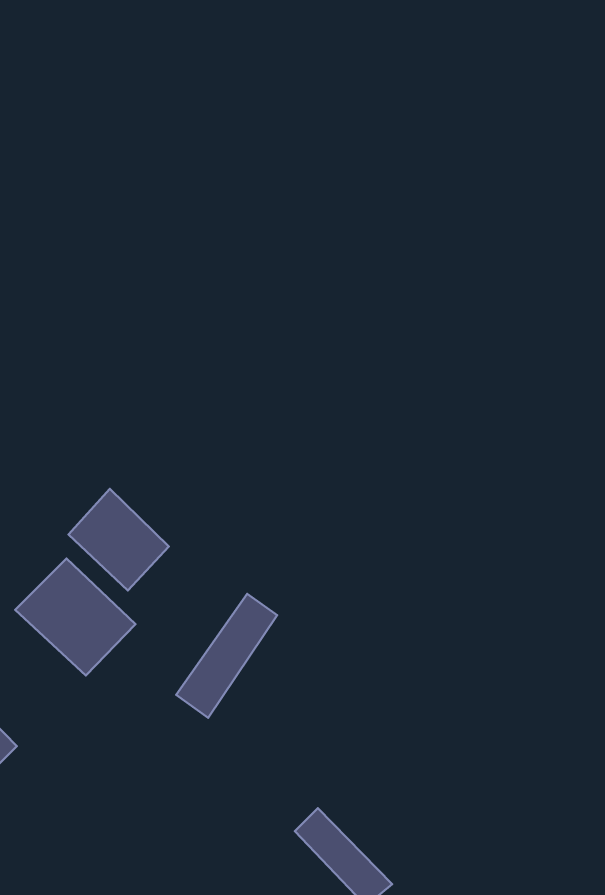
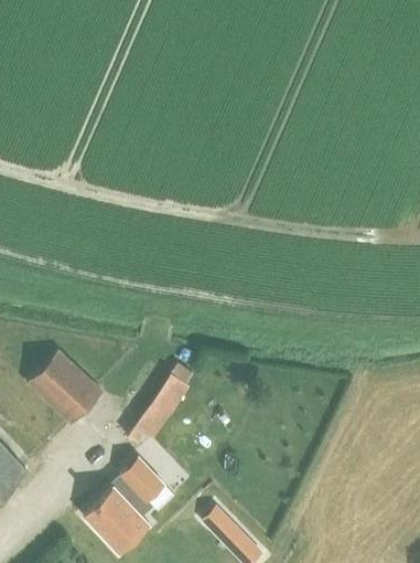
building: [69,489,169,591] -> none
building: none -> [83,460,162,550]

